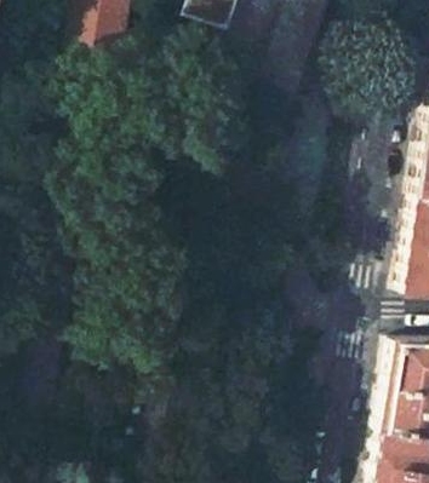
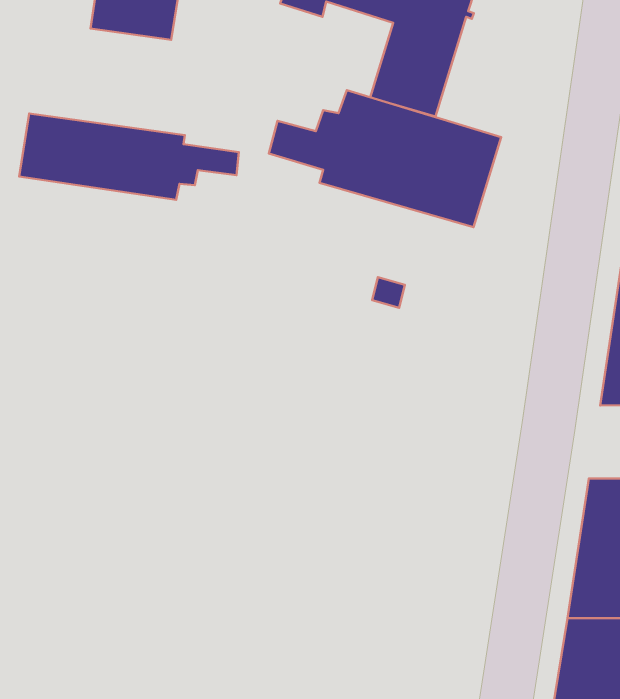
building: none -> [269,90,501,227]
building: none -> [19,114,239,200]

